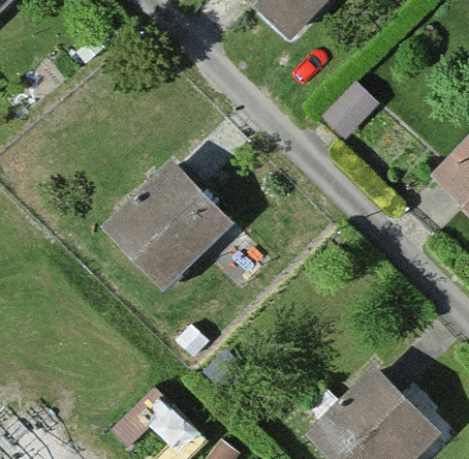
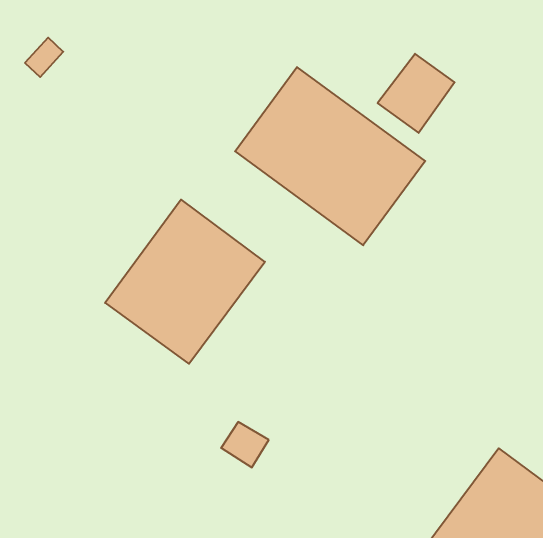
building: none -> [235,67,425,245]

